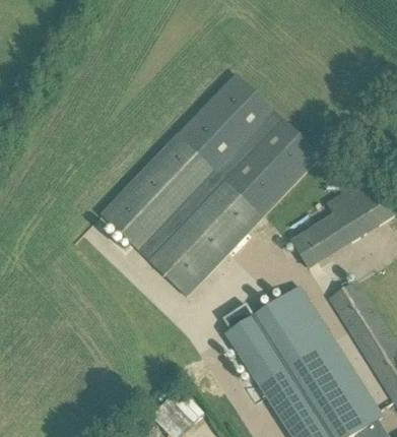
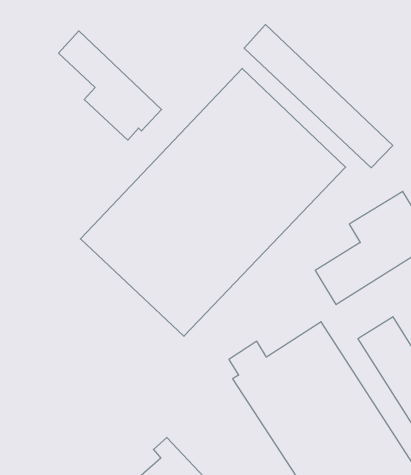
building: none -> [244,25,393,168]
building: none -> [59,31,162,140]

